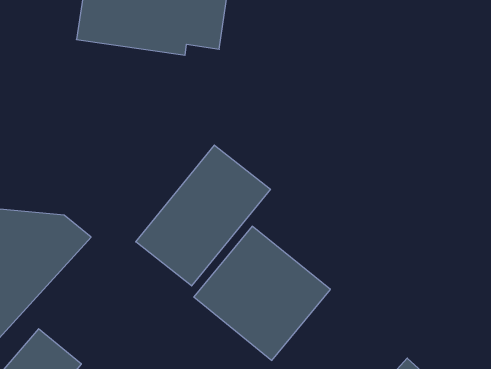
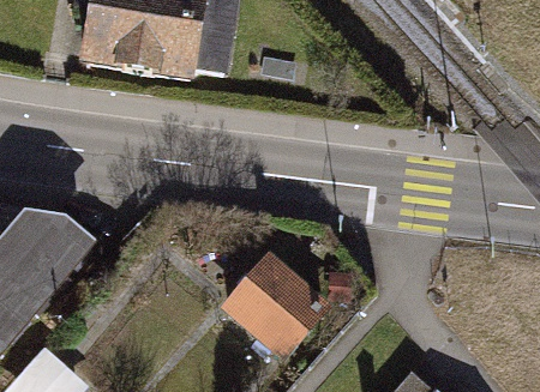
building: [136,145,270,286] -> none

